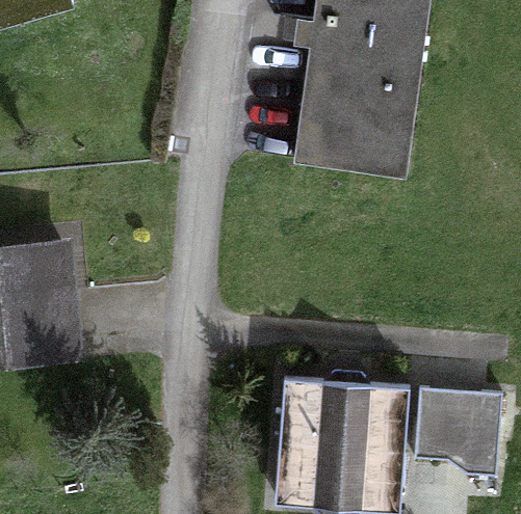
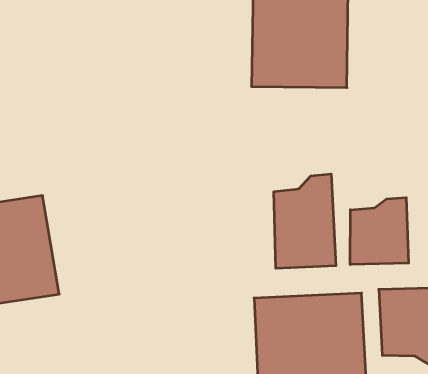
building: none -> [274,174,336,268]
building: none -> [350,198,409,265]

